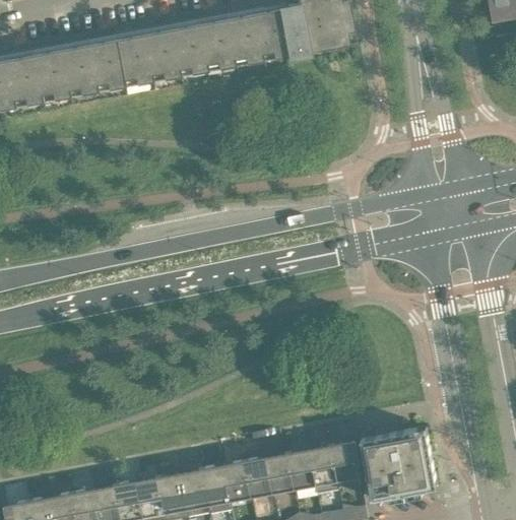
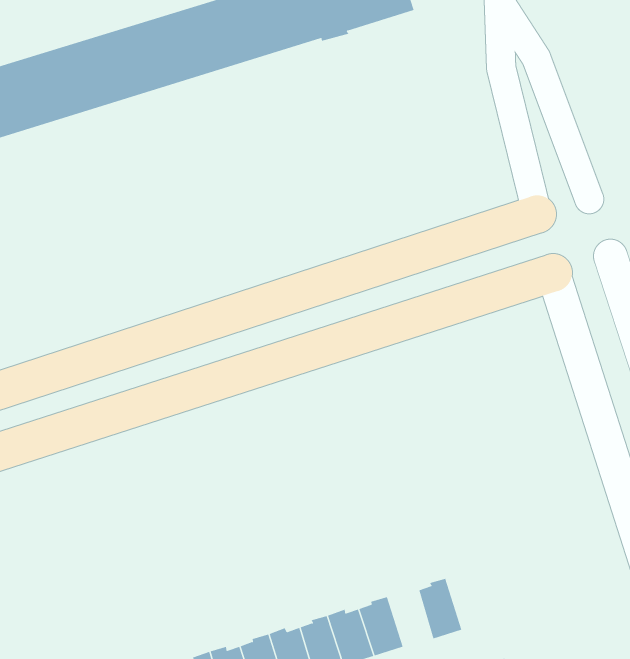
building: [357,429,433,502] -> none
building: [326,445,356,484] -> none
building: [283,452,312,492] -> none

